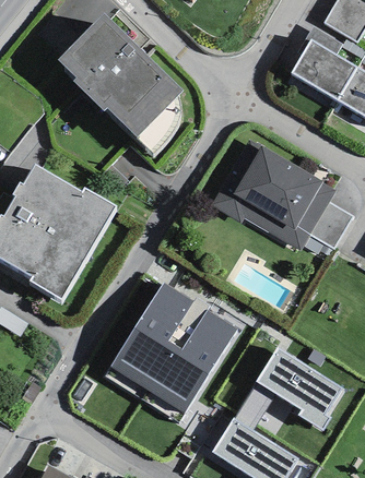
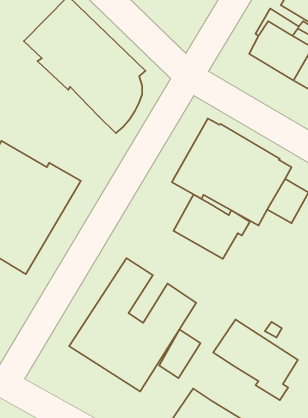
building: none -> [174,194,250,259]
building: [233,381,275,431] -> [159,329,201,378]

